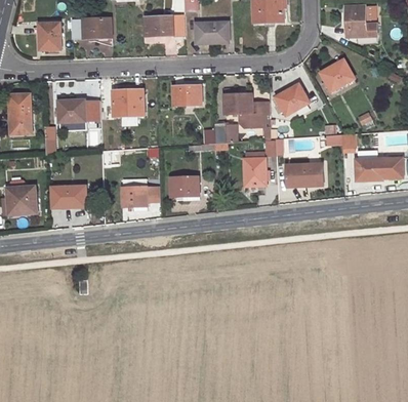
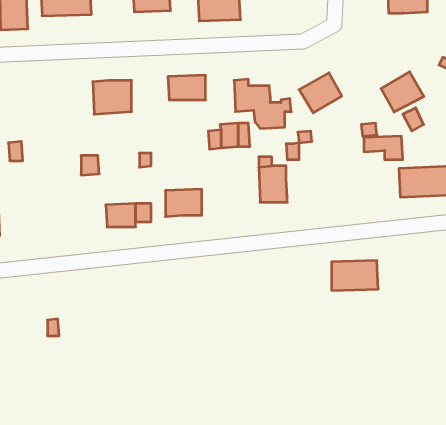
building: [321,58,355,90] -> [381,72,424,112]
building: [58,99,86,121] -> none
building: [287,163,324,187] -> [332,261,378,290]
building: [52,185,86,207] -> none

